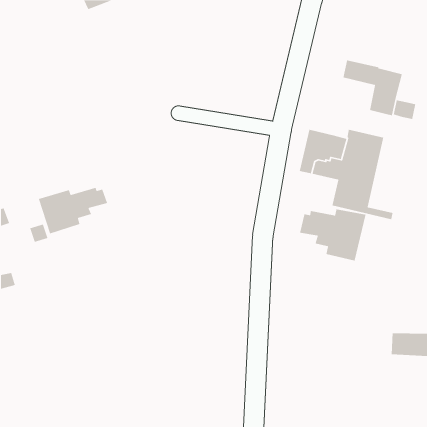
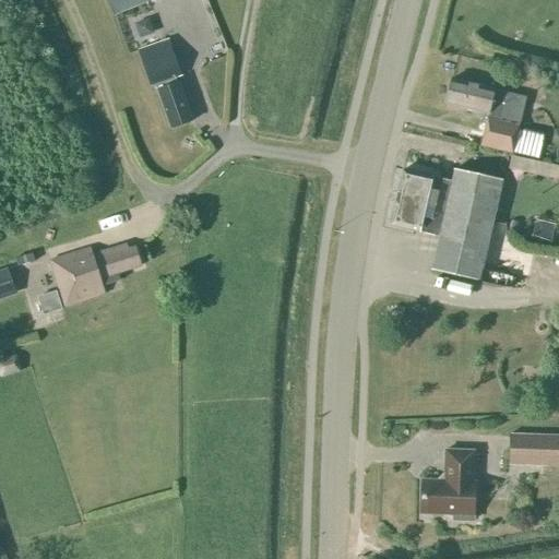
building: none -> [140,39,193,127]
building: [299,208,366,261] -> none
building: none -> [421,449,476,520]

